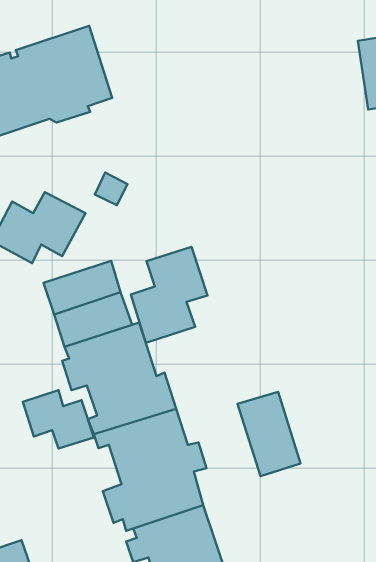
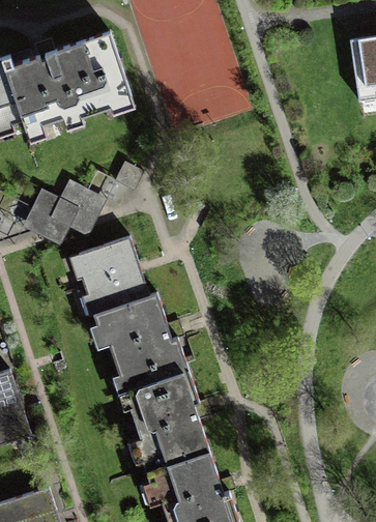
building: [131,247,208,343] -> none
building: [23,390,94,449] -> none
building: [238,392,301,476] -> none

